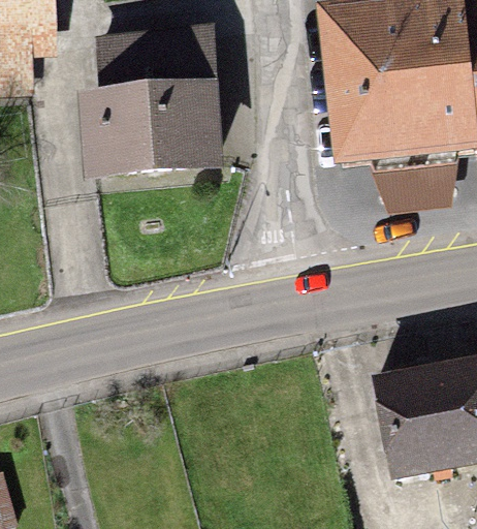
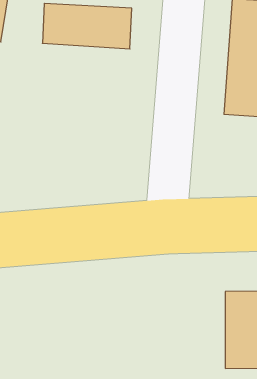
building: [96,86,216,185] -> none

